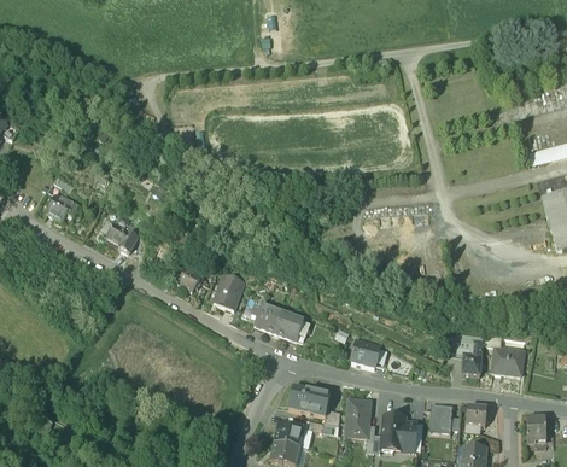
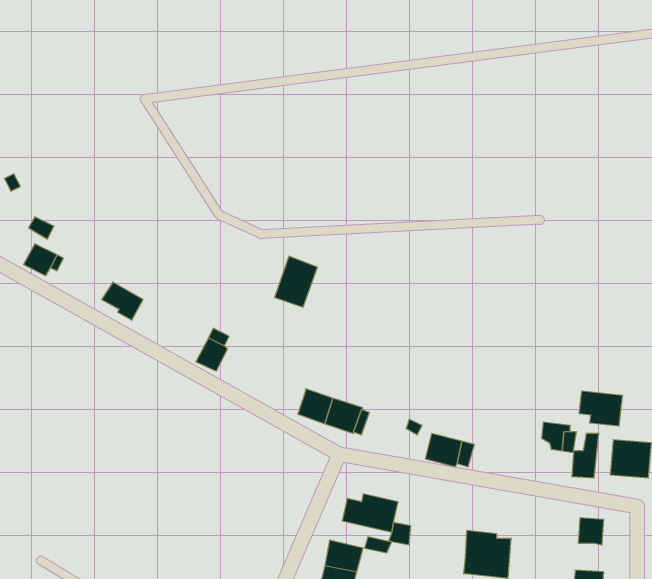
building: [212,272,245,310] -> [275,256,318,307]
building: none -> [579,391,623,426]
building: [345,399,369,437] -> none
building: [428,403,452,433] -> none

